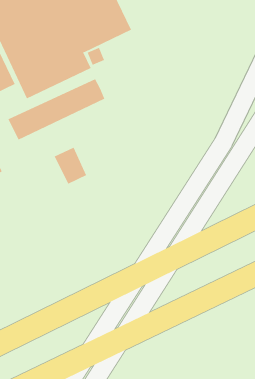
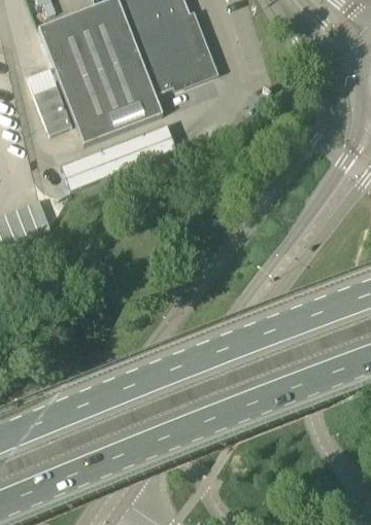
building: [54,147,87,185] -> none

